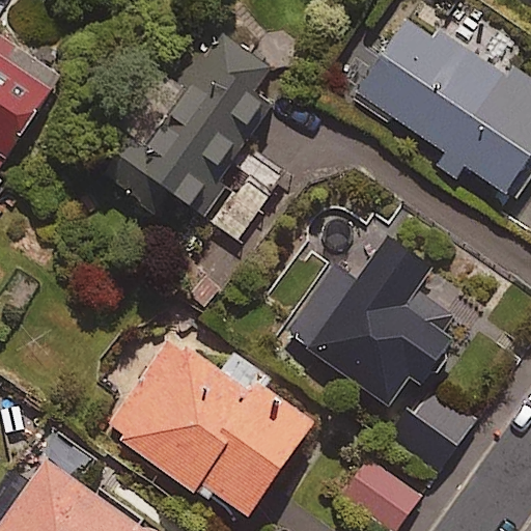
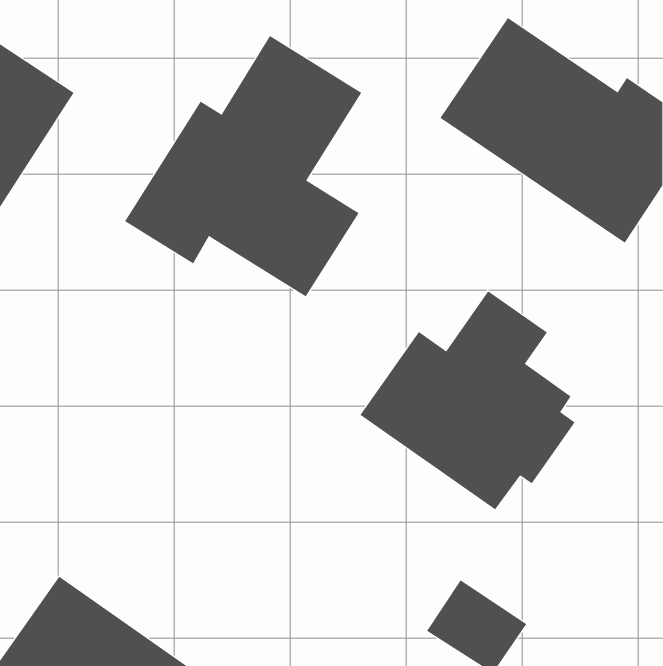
building: [104,335,318,516] -> none
building: [392,389,472,469] -> none

